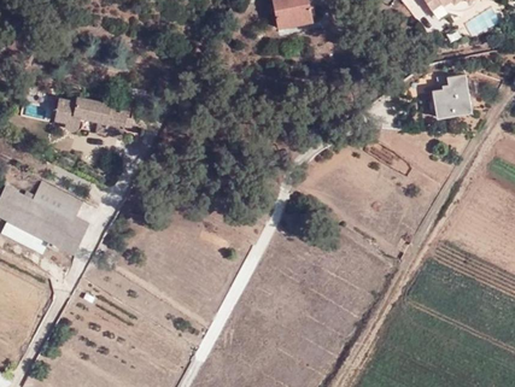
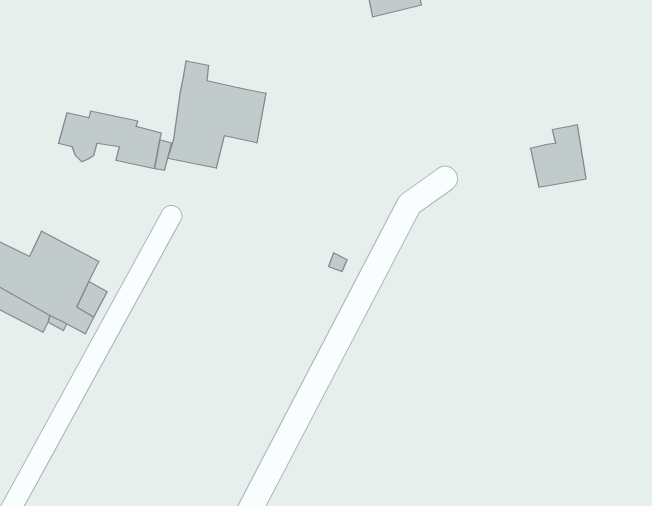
building: none -> [168,61,266,168]
building: [431,74,470,118] -> [530,125,586,187]

